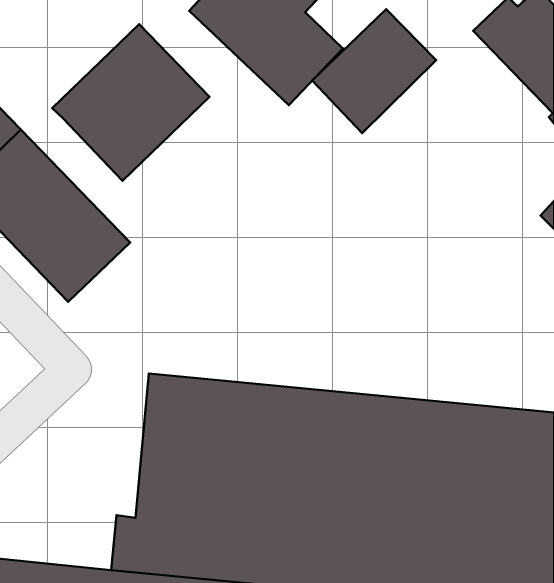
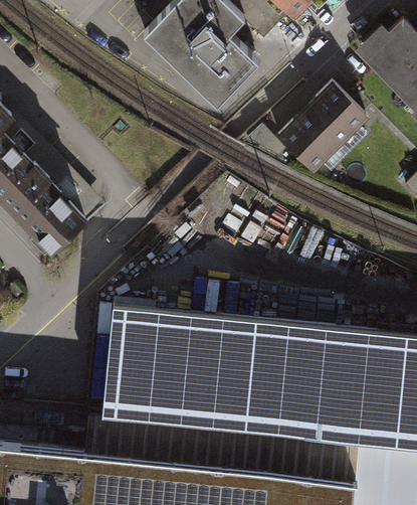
building: [312,9,436,133] -> [277,82,370,175]
building: [52,24,209,181] -> none

